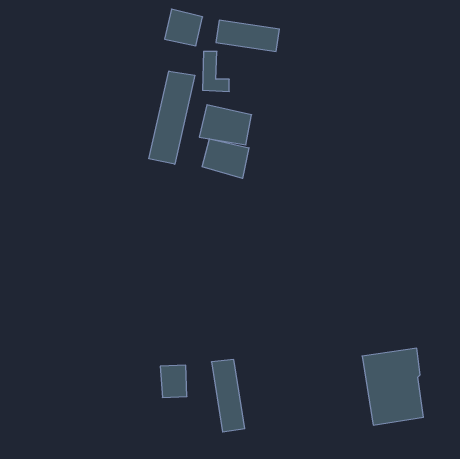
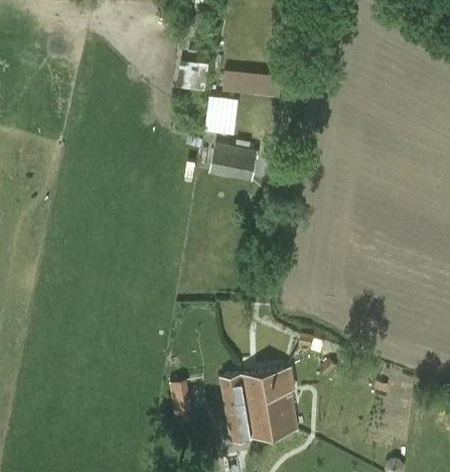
building: [149,71,195,164] -> none
building: [202,139,249,178] -> none
building: [362,348,423,425] -> [240,368,295,438]

